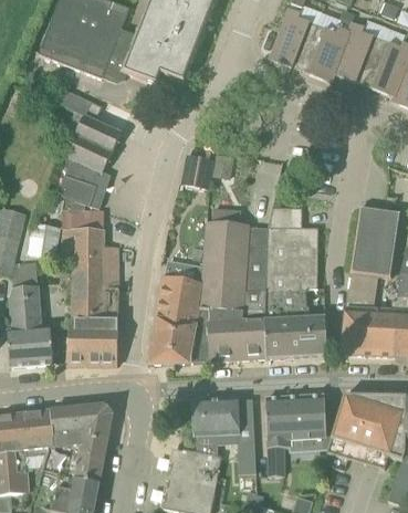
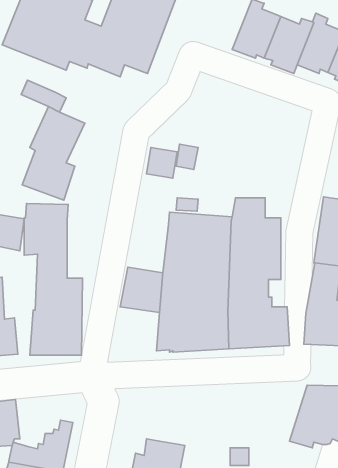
building: [147,315,196,363] -> none
building: [265,394,326,451] -> none
building: [192,397,255,472] -> none
building: [49,402,113,458] -> none

